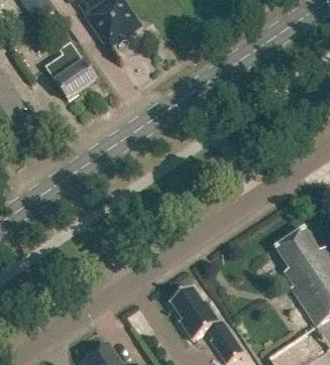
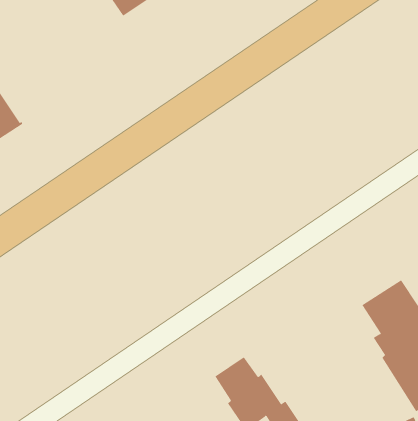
building: [43,42,95,99] -> none

